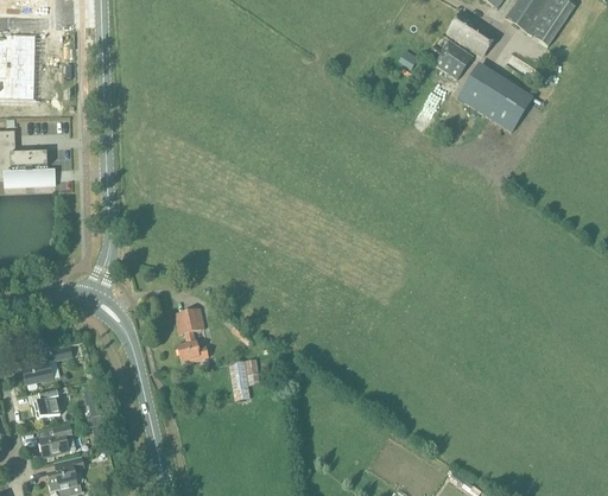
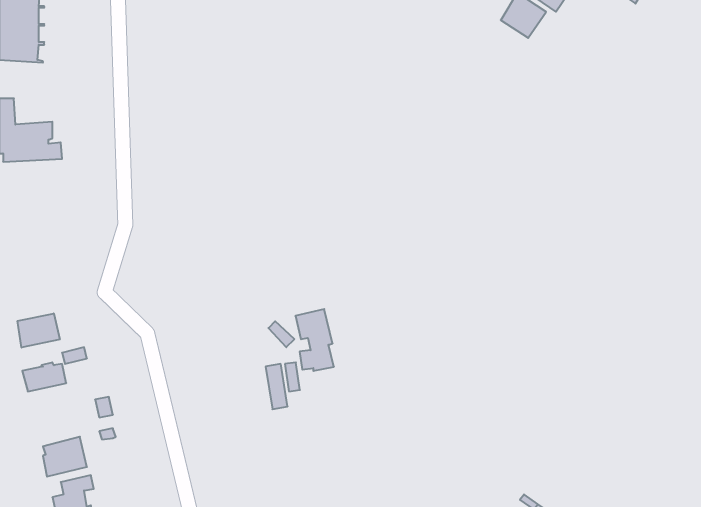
building: [458,65,532,129] -> none
building: [173,307,207,361] -> [295,309,334,371]
building: none -> [18,313,60,348]
building: [30,388,59,419] -> none

